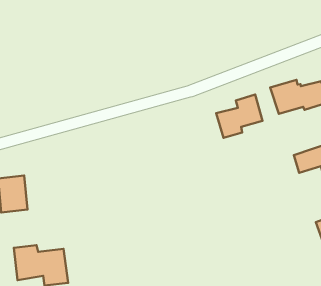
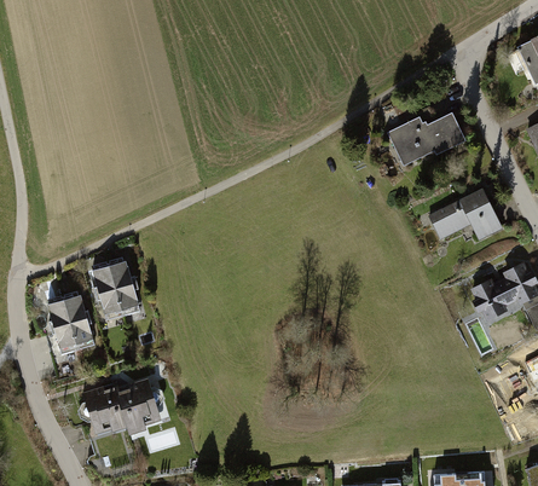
building: [216,95,262,138] -> none
building: none -> [96,266,144,317]

